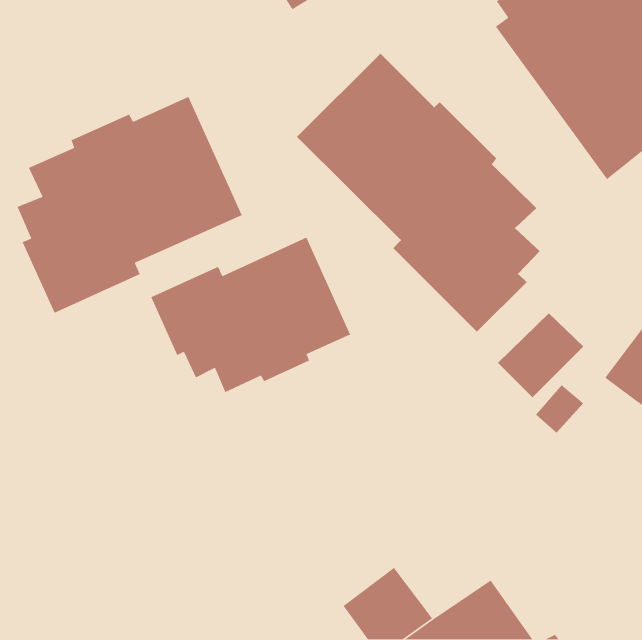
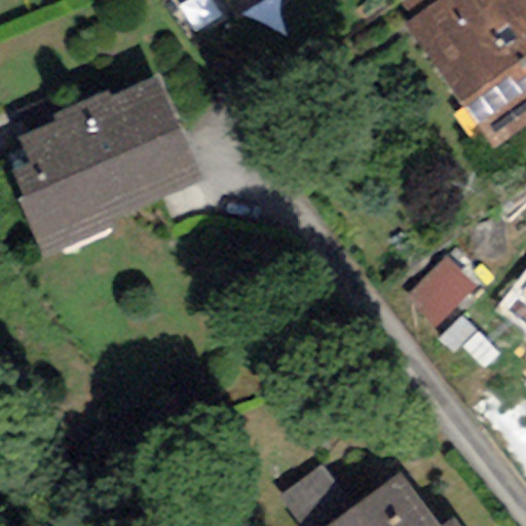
building: [296,53,541,332] -> none
building: [150,237,351,393] -> none

